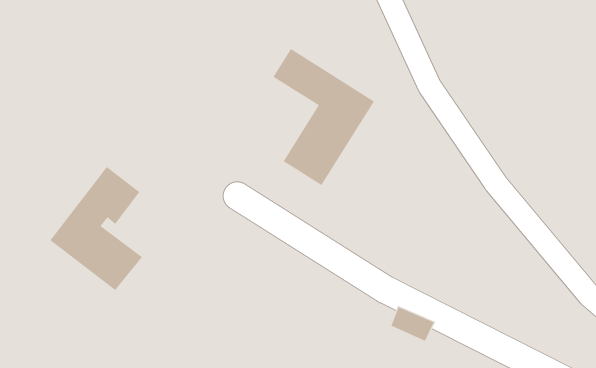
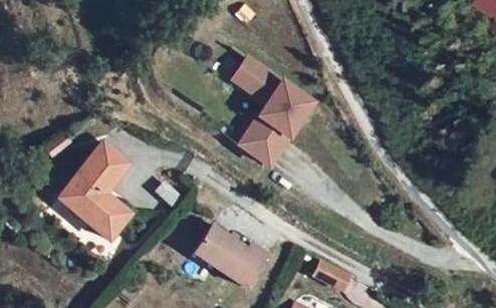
building: none -> [197,222,276,284]

